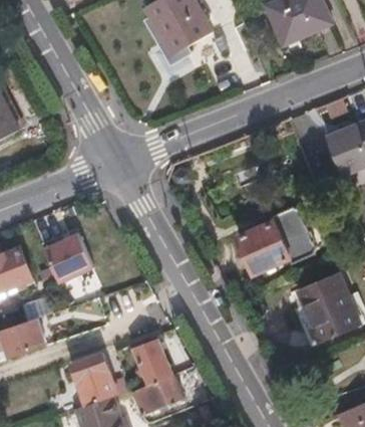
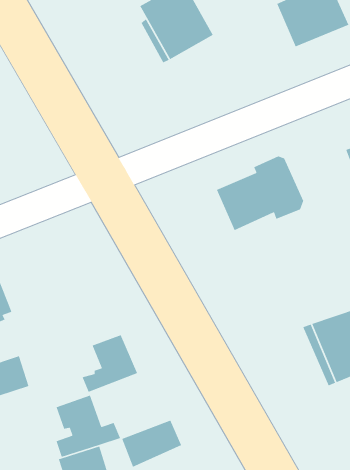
building: [239,207,317,274] -> [216,156,304,231]
building: [45,235,93,283] -> none
building: [123,340,173,392] -> [81,334,138,393]

